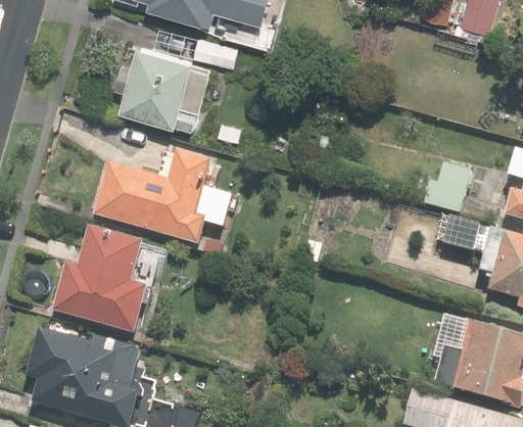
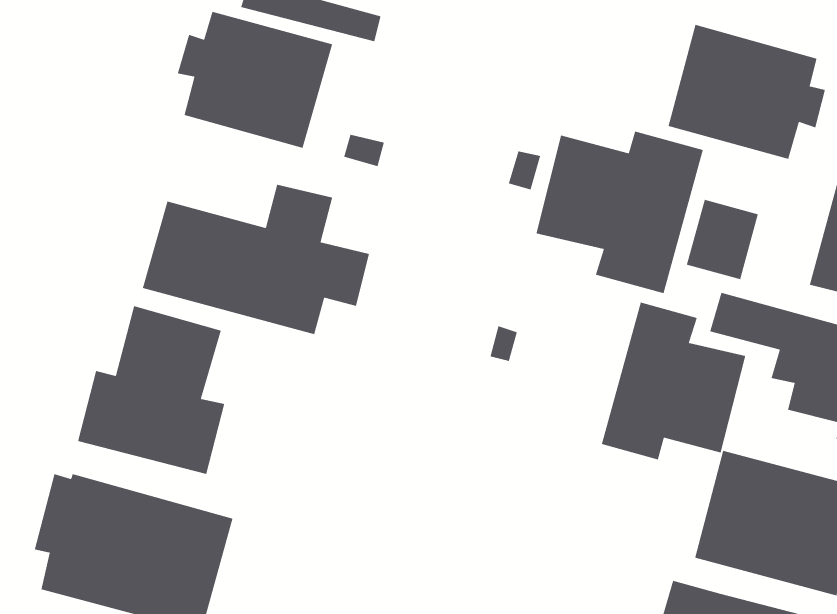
building: none -> [667,24,826,160]
building: none -> [535,130,704,294]
building: none -> [601,302,746,460]

